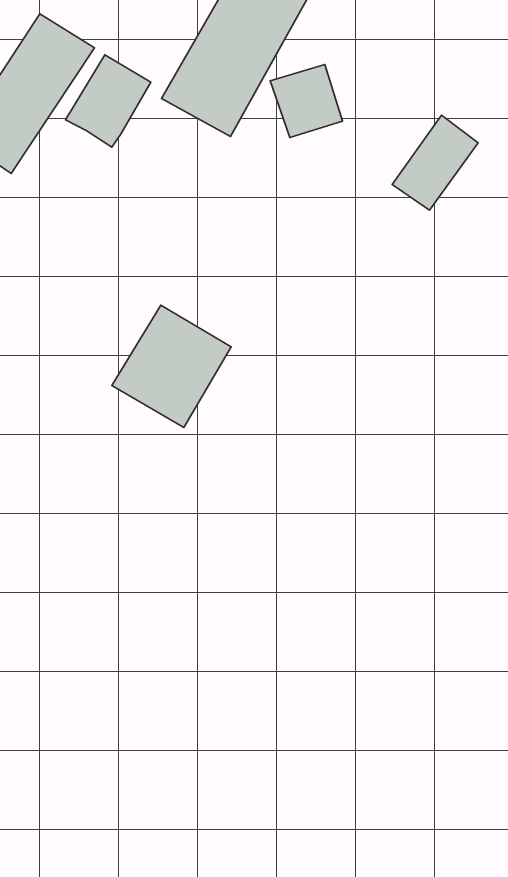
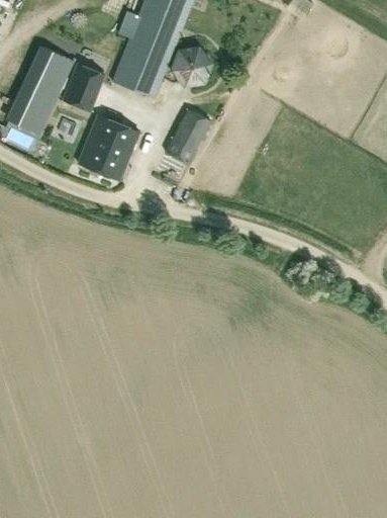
building: [392,115,478,210] -> [165,108,208,161]
building: [112,305,231,427] -> [78,114,139,179]

